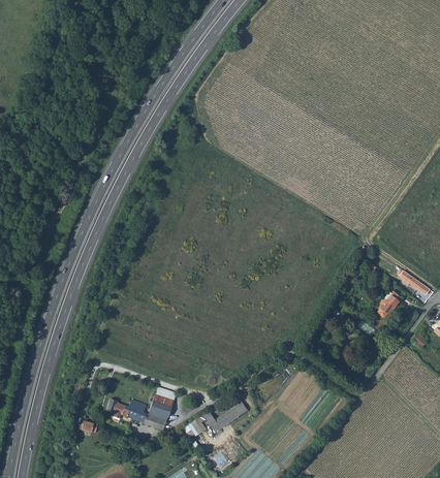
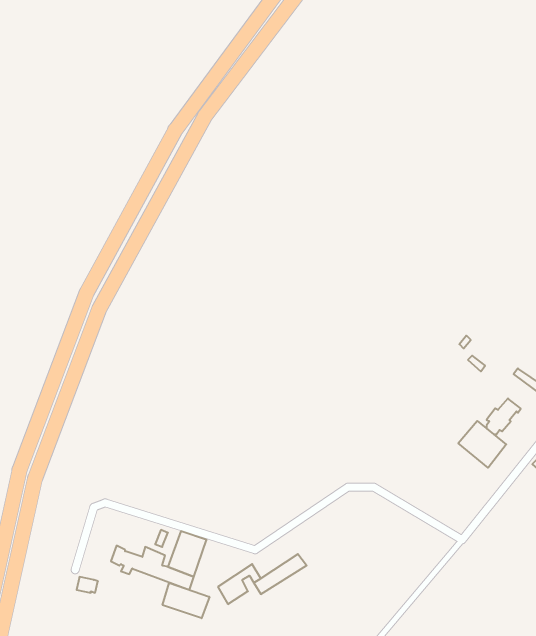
building: none -> [458,421,506,468]
building: none -> [163,583,209,618]

